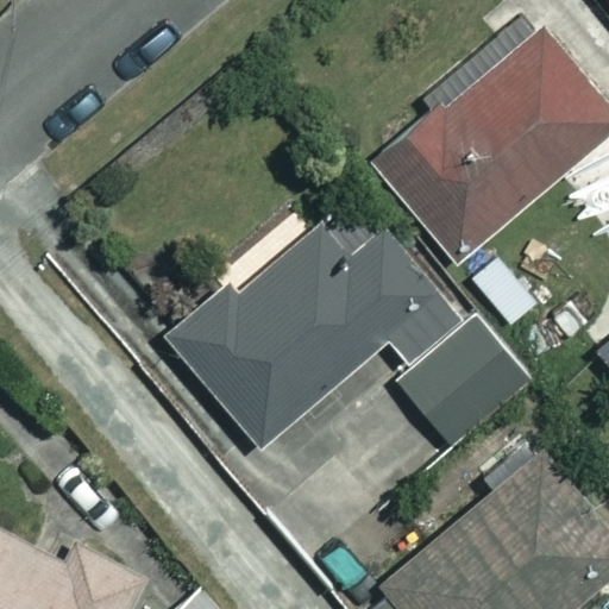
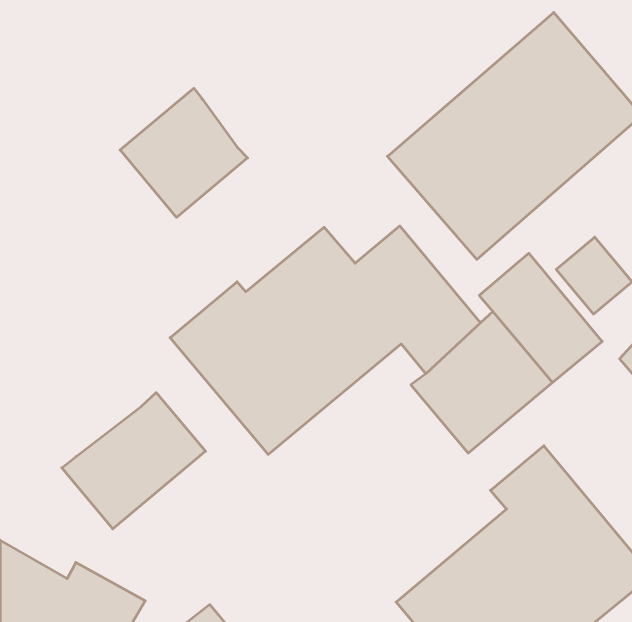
building: none -> [120,88,248,217]
building: none -> [62,393,206,529]

